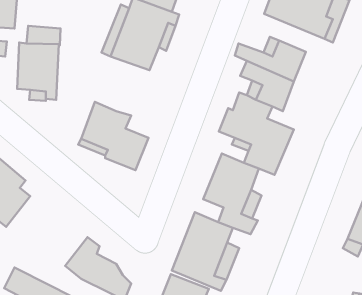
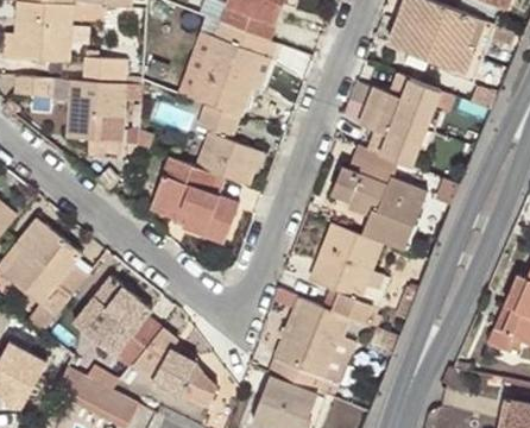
building: none -> [197,102,259,183]
building: none -> [72,275,162,367]

